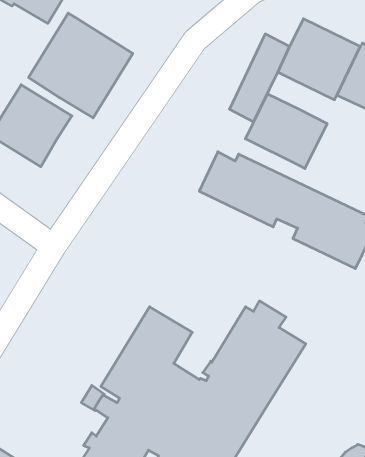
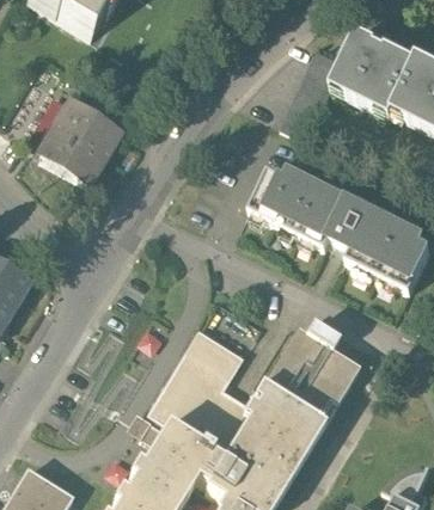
building: [29,13,133,118] -> none
building: [245,94,327,169] -> none

